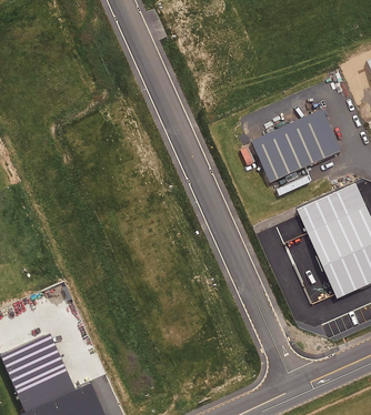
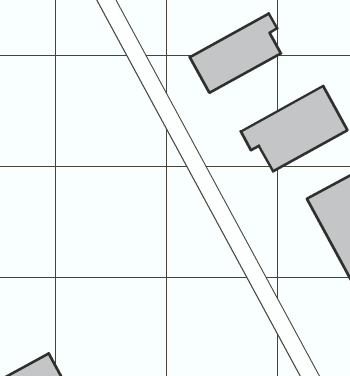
building: none -> [190,13,281,93]

